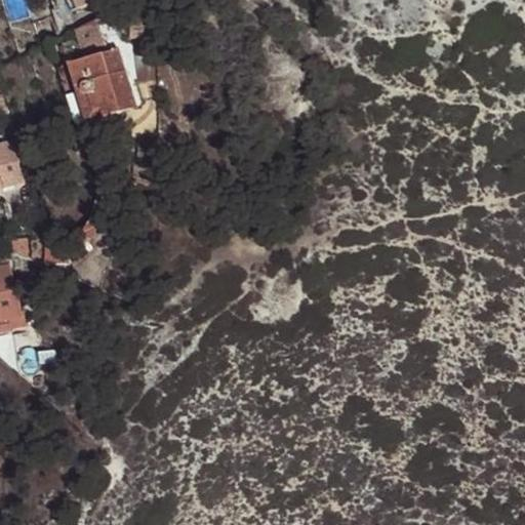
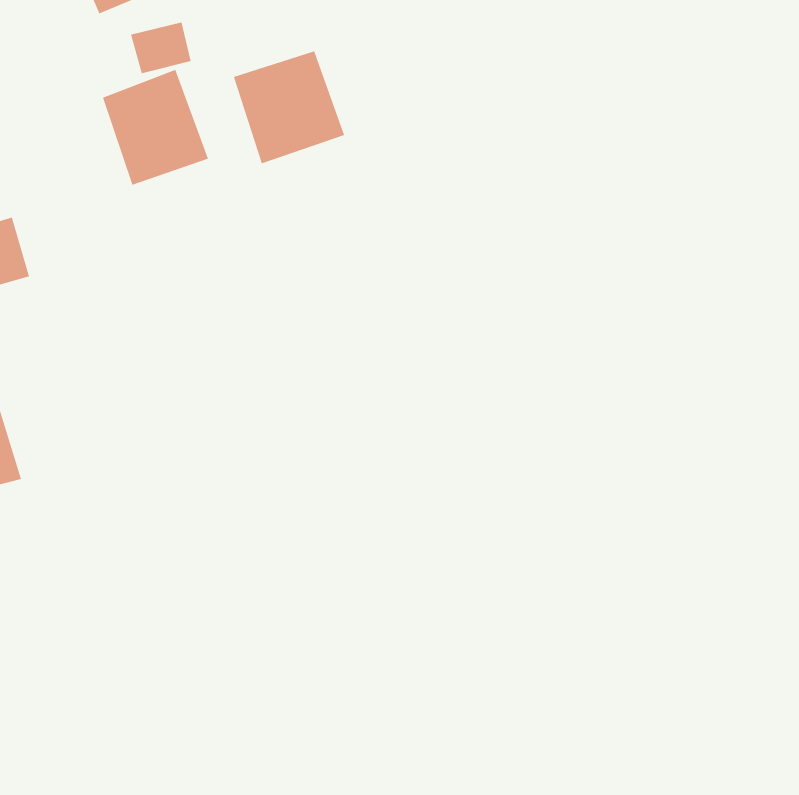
building: none -> [233,51,345,164]

